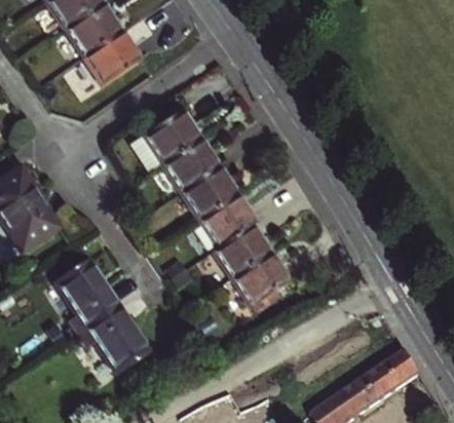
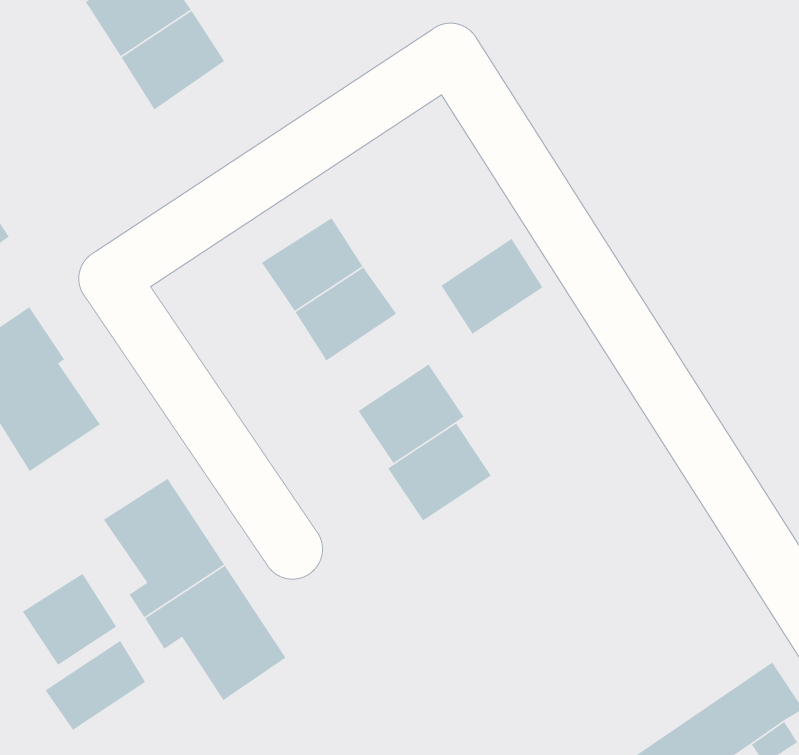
building: [84,36,141,90] -> none
building: [174,167,227,218] -> [441,238,543,335]
building: [224,252,280,306] -> none
building: none -> [22,573,117,666]
building: none -> [45,640,146,731]

